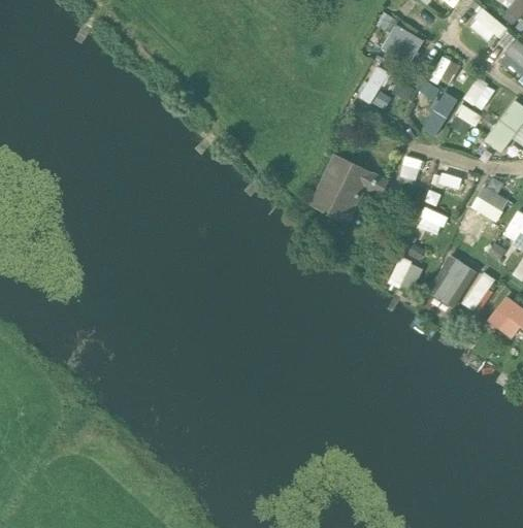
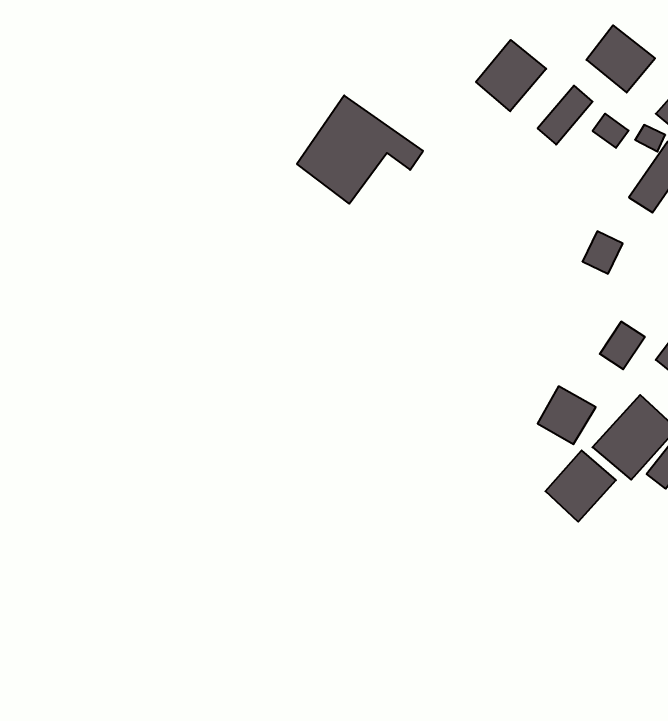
building: none -> [476,40,546,111]
building: [309,156,388,224] -> [297,95,423,204]
building: none -> [545,450,616,522]

